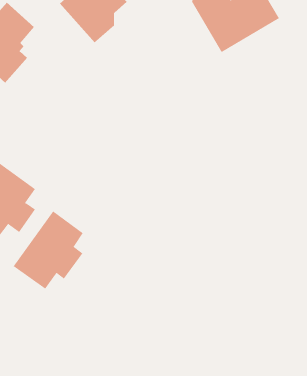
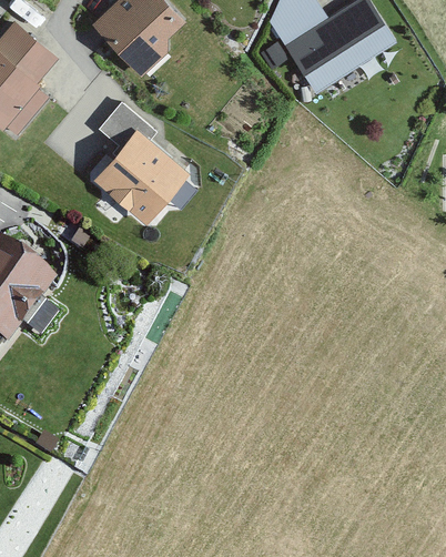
building: none -> [93,102,187,223]
building: [13,210,84,290] -> none

